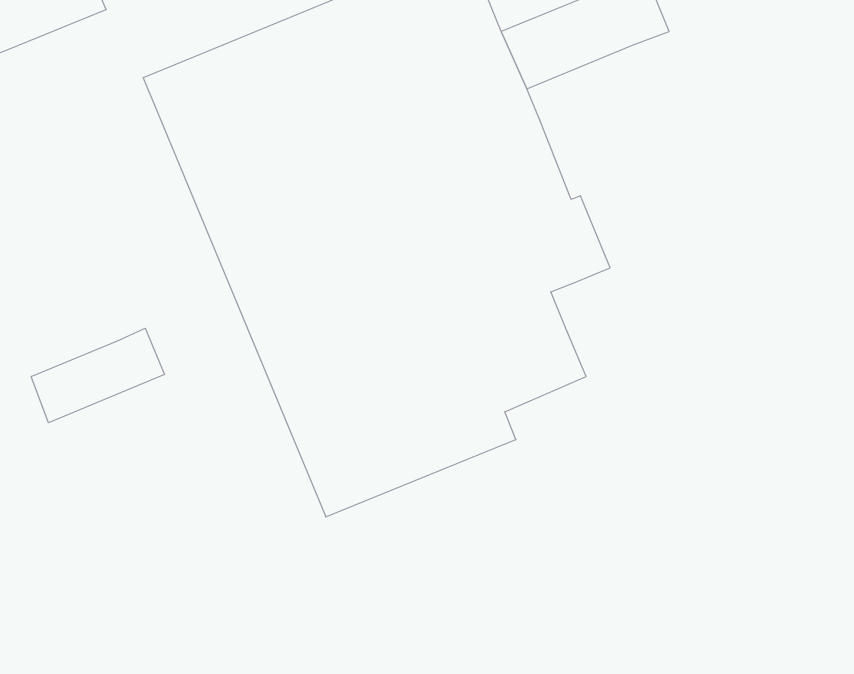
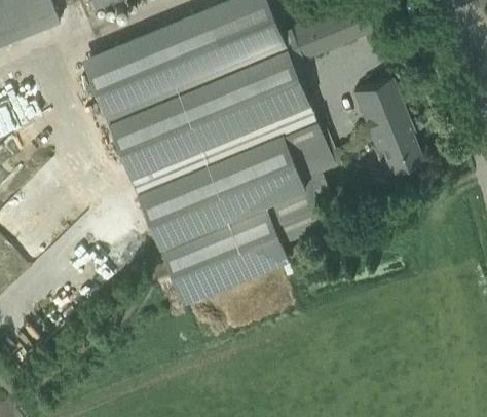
building: none -> [355,79,422,177]
building: [31,328,164,423] -> none

